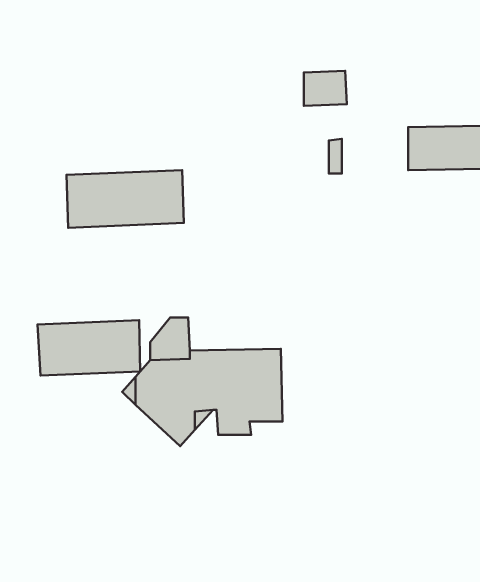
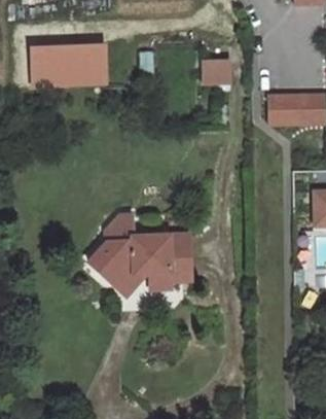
building: [66,170,184,228] -> [31,48,104,84]
building: [37,320,140,376] -> none

